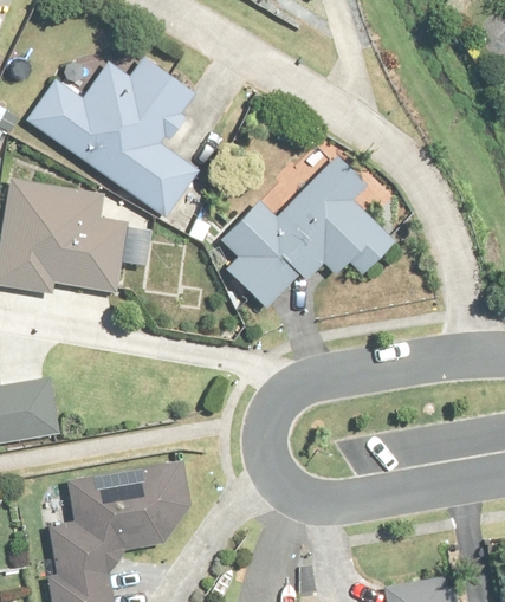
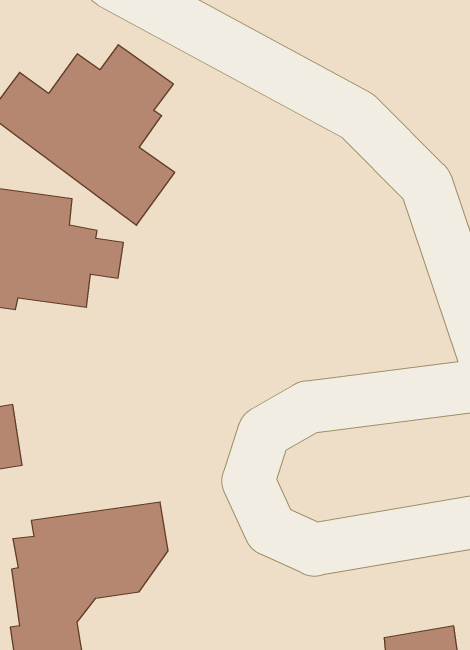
building: [221,157,393,309] -> none

